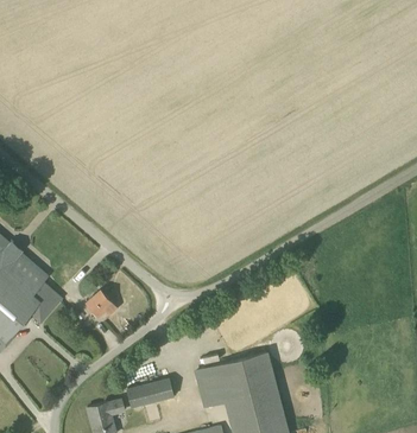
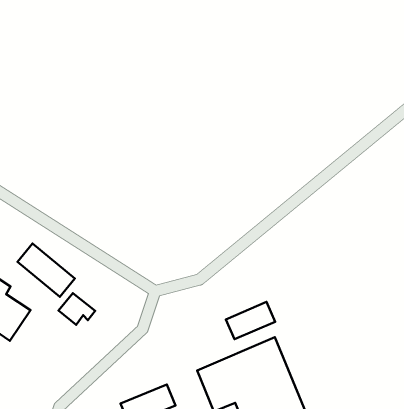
building: none -> [17,243,75,297]
building: none -> [226,302,275,339]

